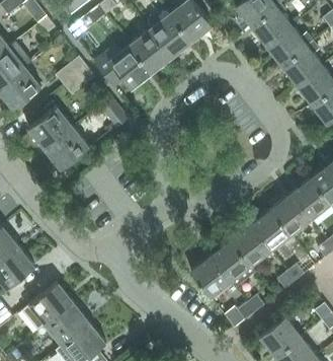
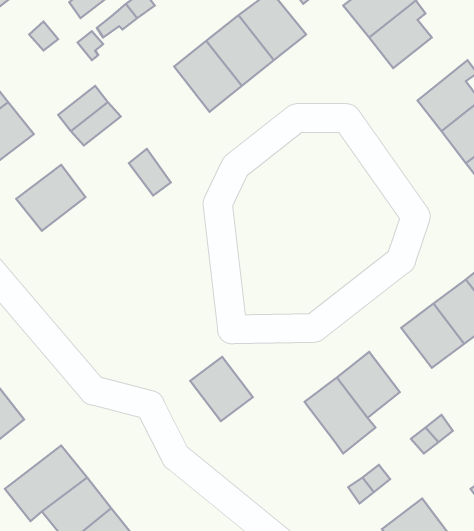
building: [266,26,313,66] -> none
building: [94,45,151,88] -> none
building: [46,127,89,168] -> none
building: [251,209,290,249] -> none
building: [190,256,230,296] -> [190,357,253,421]

